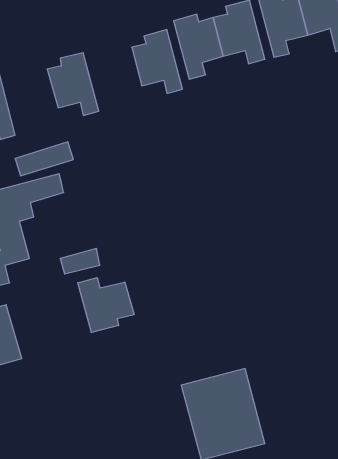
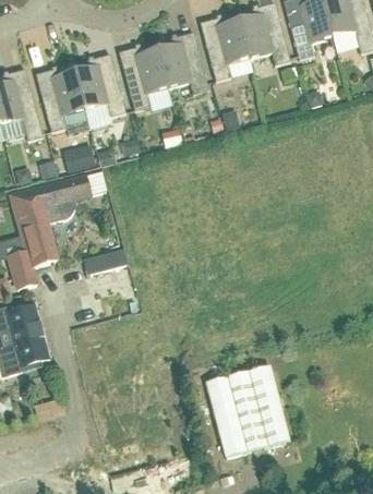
building: none -> [119,46,168,110]
building: none -> [35,68,89,133]
building: [78,278,134,333] -> none

